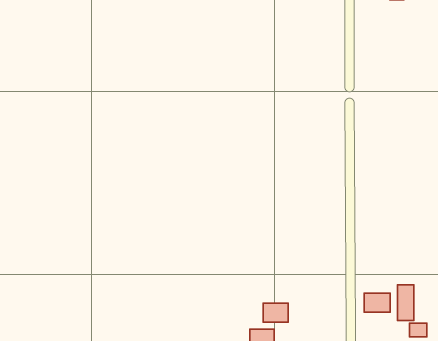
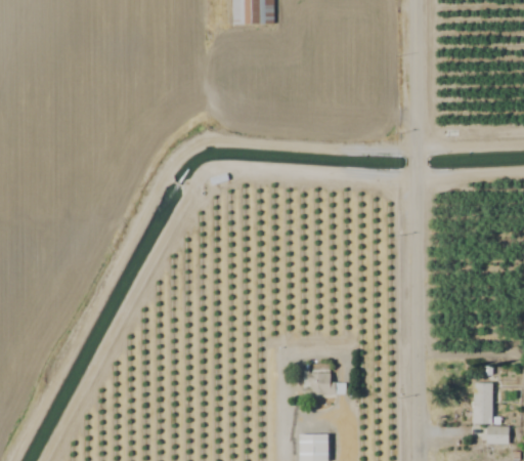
building: [364,293,390,312] -> none
building: [263,303,288,322] -> [305,373,335,395]

